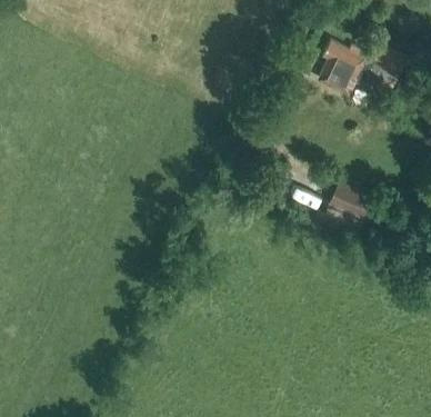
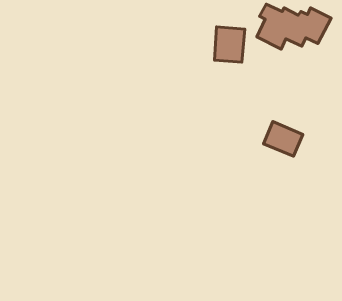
building: none -> [214,27,245,62]

